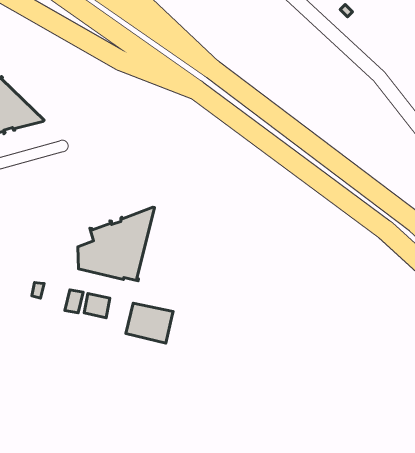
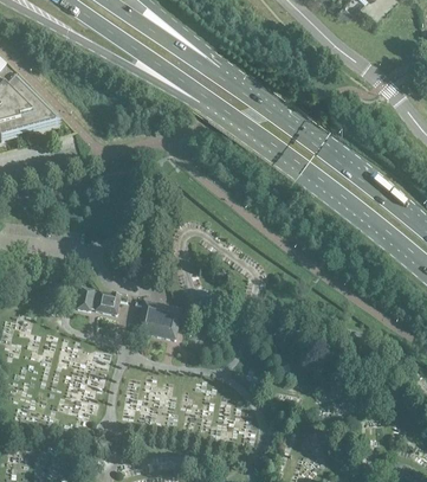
building: [78,207,154,281] -> none

